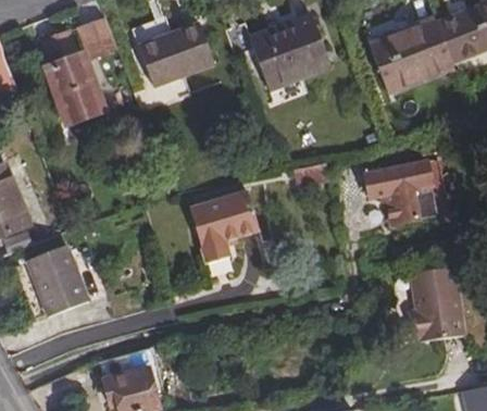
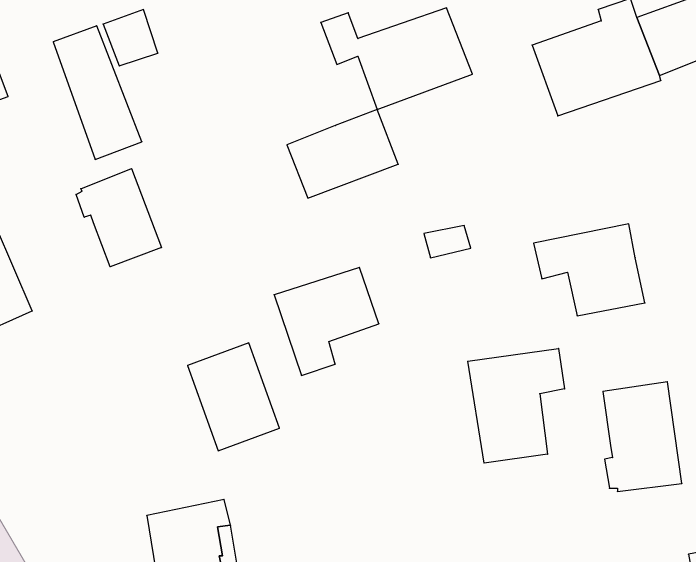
building: [130,25,205,85] -> [287,109,398,198]
building: none -> [76,169,161,267]
building: [27,246,89,319] -> [188,343,279,451]
building: none -> [468,348,565,463]

